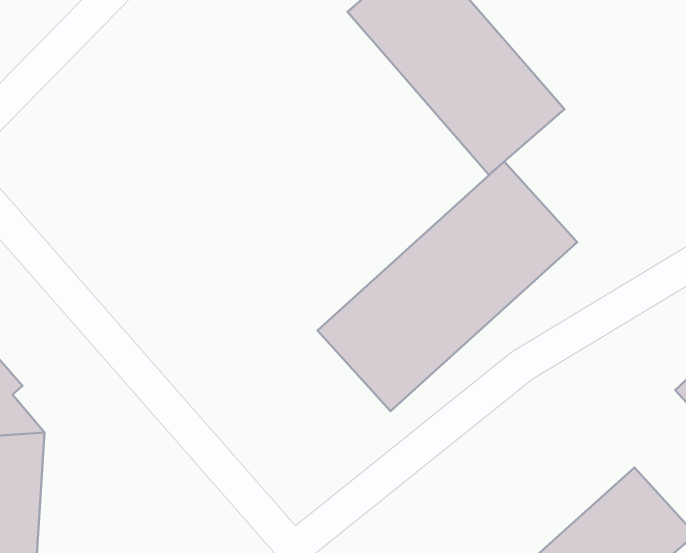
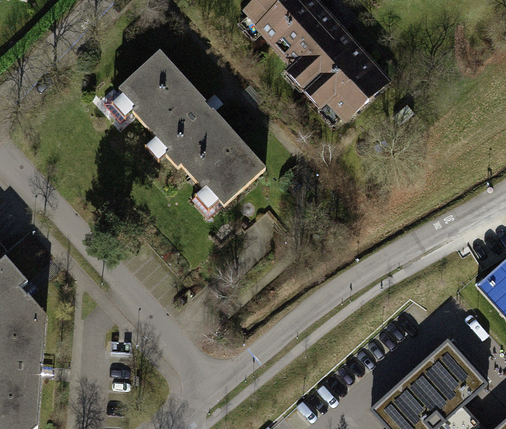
building: none -> [116,51,264,205]
building: [317,162,577,411] -> none

